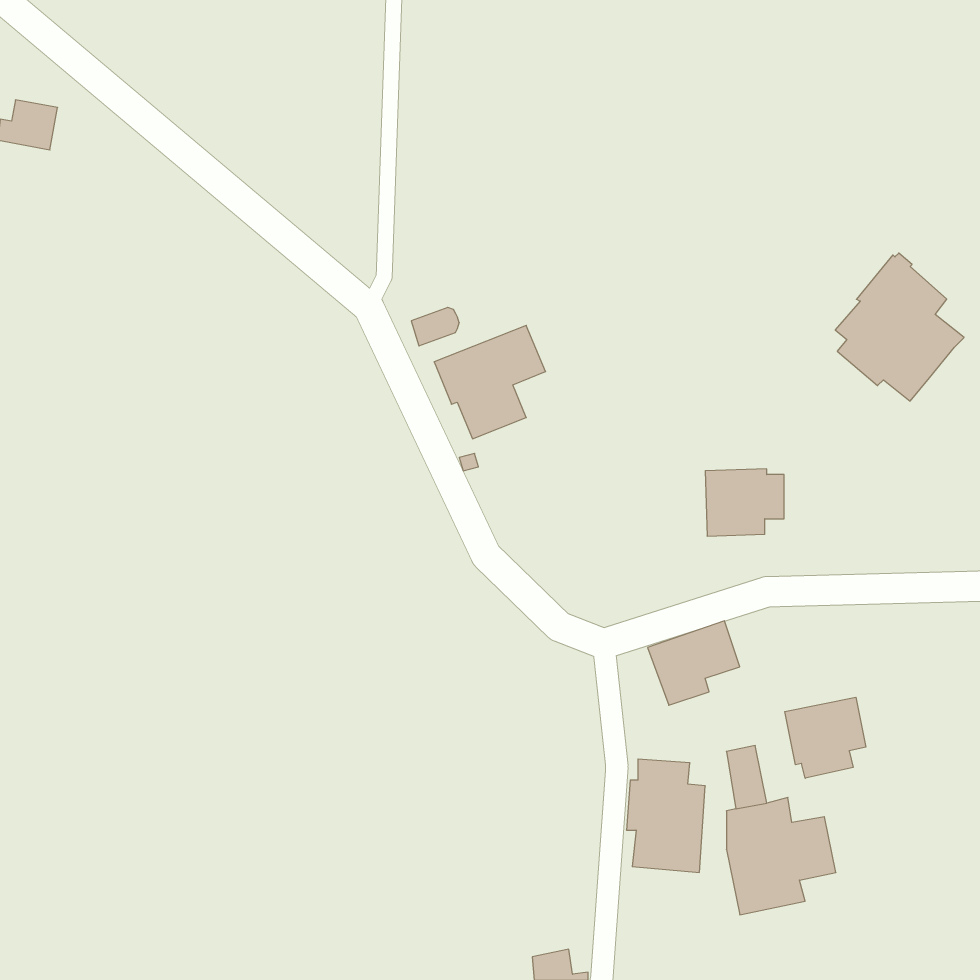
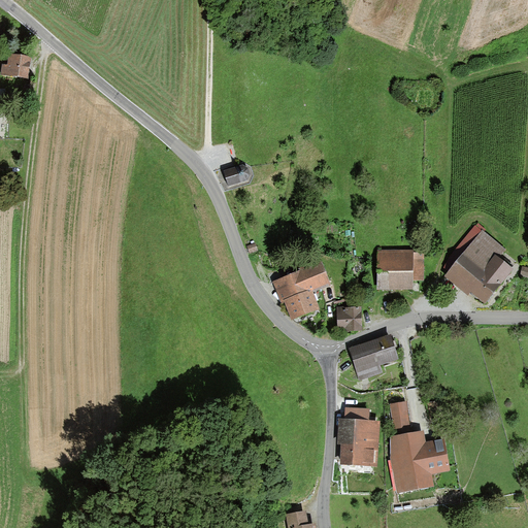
building: [835,253,964,401] -> [443,223,513,302]
building: [434,325,546,439] -> [271,262,331,323]
building: none -> [337,310,360,330]
building: [785,697,866,778] -> none

